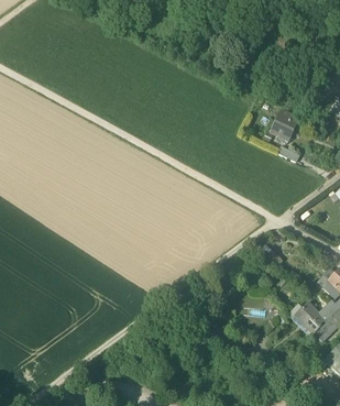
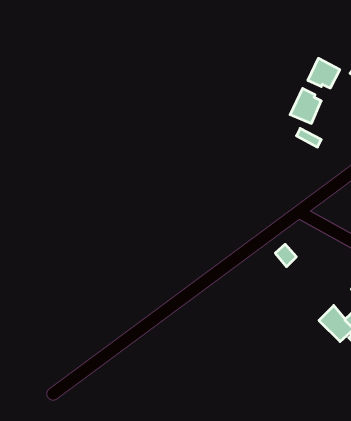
building: none -> [308,58,340,88]

